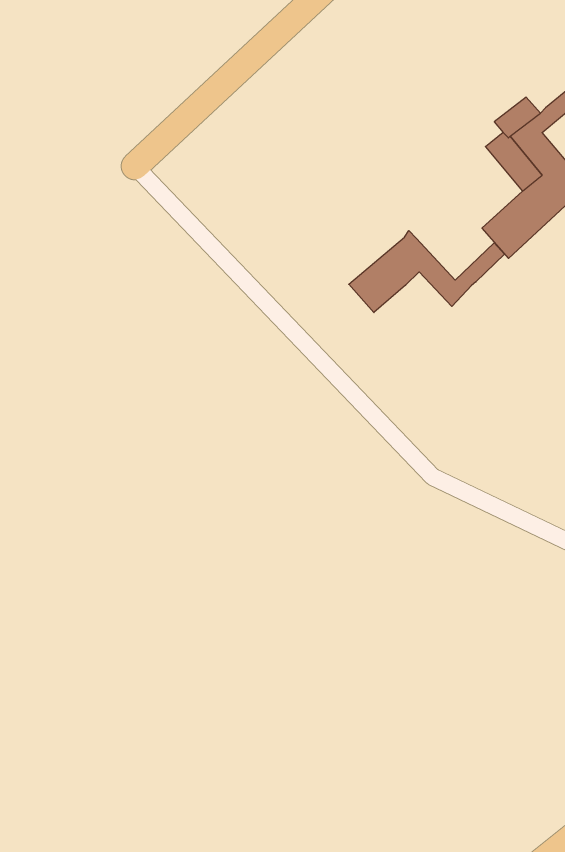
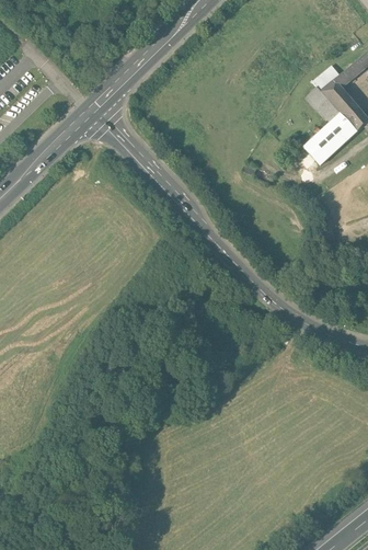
building: [349,231,505,313] -> none

